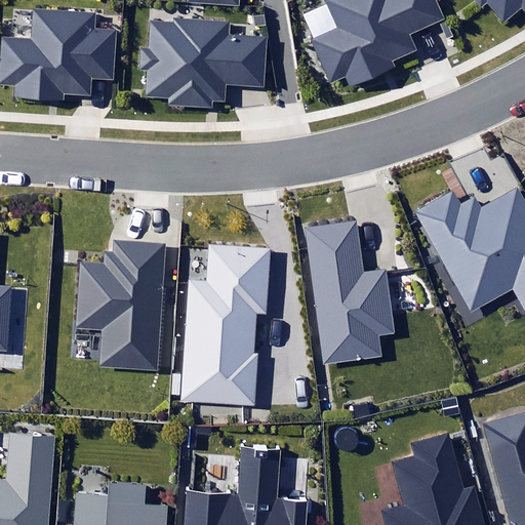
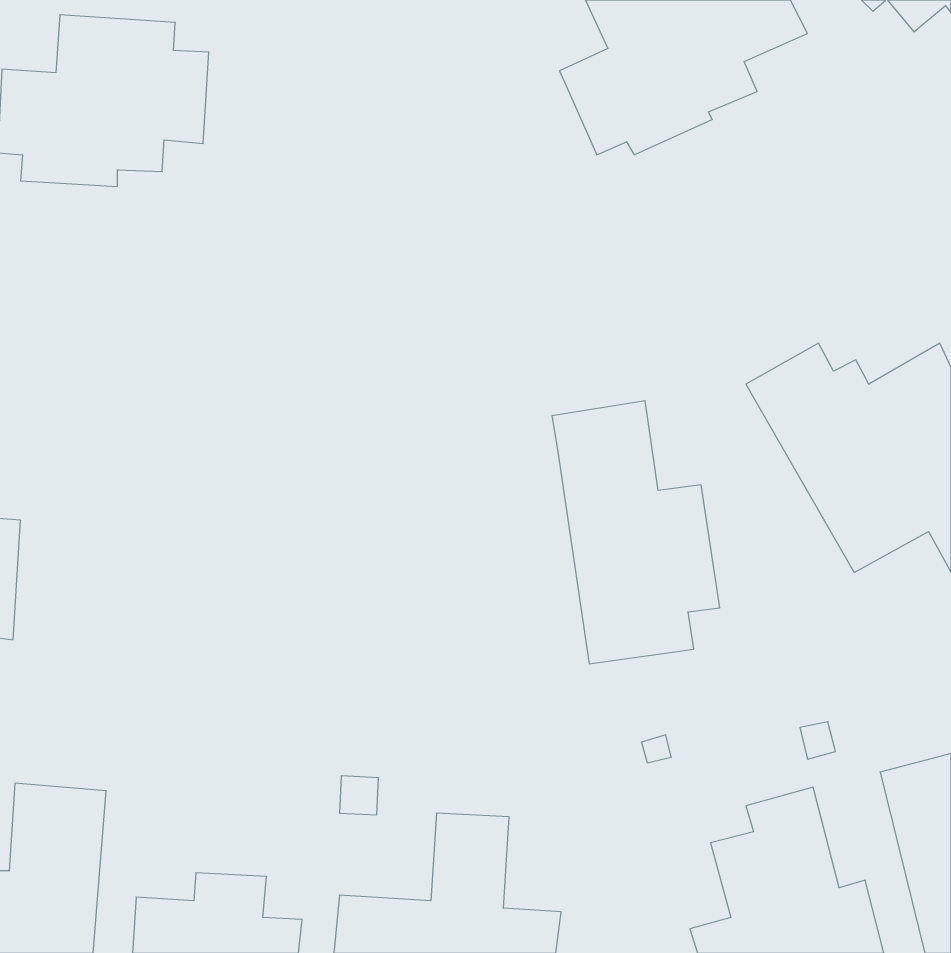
building: [138,17,267,107] -> none
building: [76,241,165,369] -> none
building: [178,241,271,407] -> none

